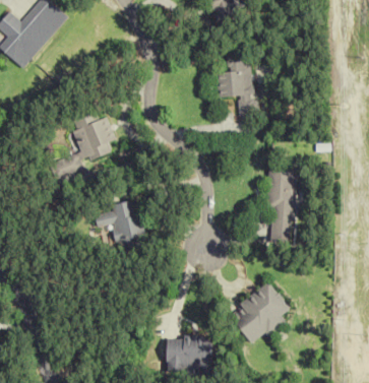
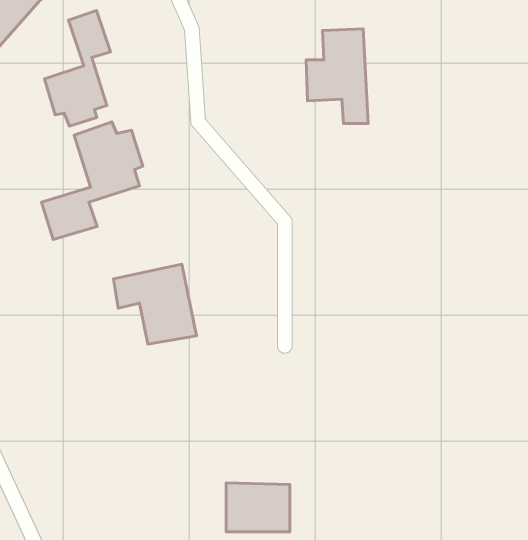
building: none -> [44,11,110,126]
building: [267,169,296,243] -> none
building: [237,282,291,342] -> none

